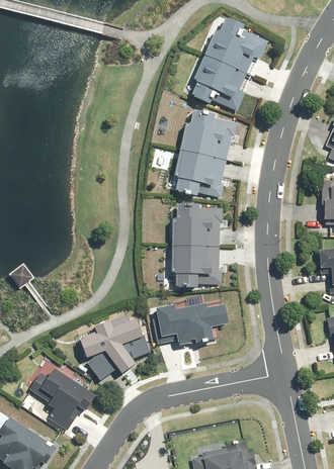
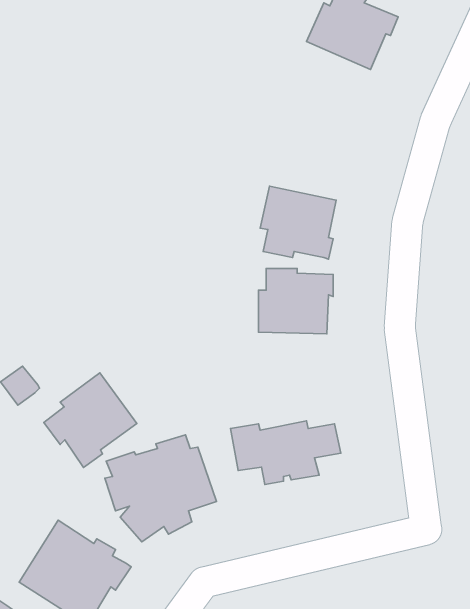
building: [195,54,249,107] -> none
building: [183,108,238,157] -> none
building: [175,243,224,285] -> none
building: none -> [44,373,137,467]

